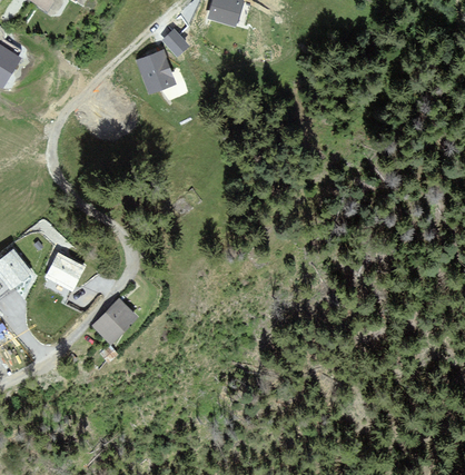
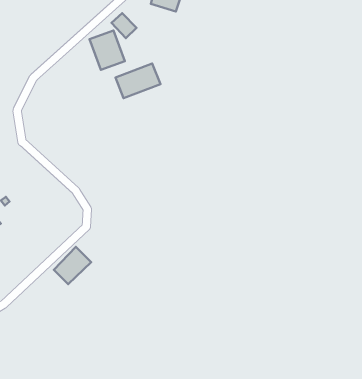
building: none -> [115,64,160,98]
building: [43,253,85,291] -> none

